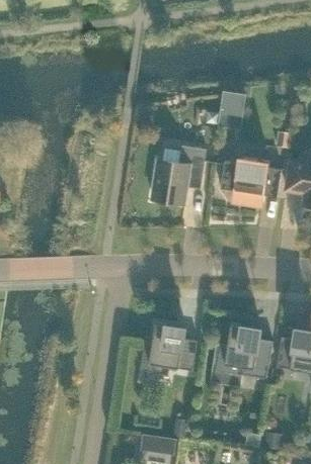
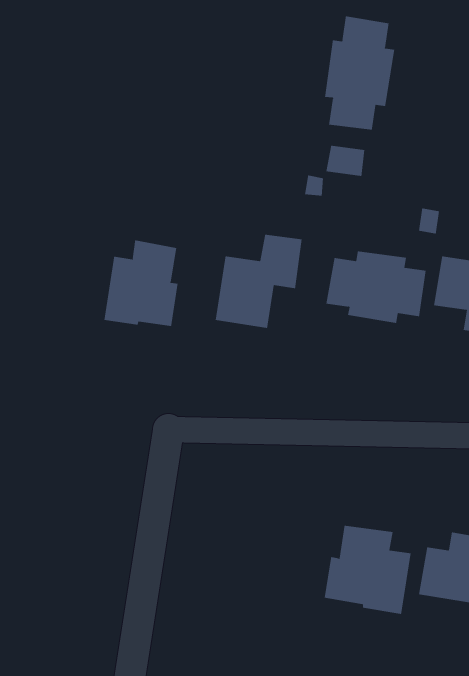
building: none -> [325,16,395,131]
building: none -> [104,239,178,327]
building: [143,323,198,374] -> none

